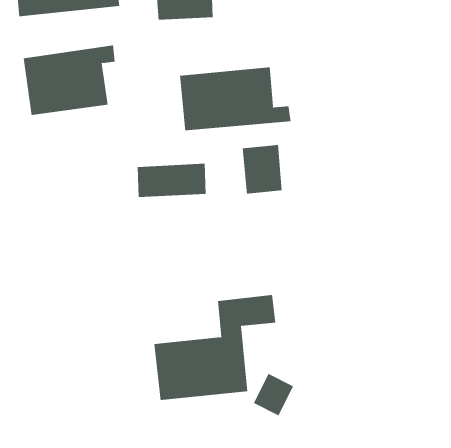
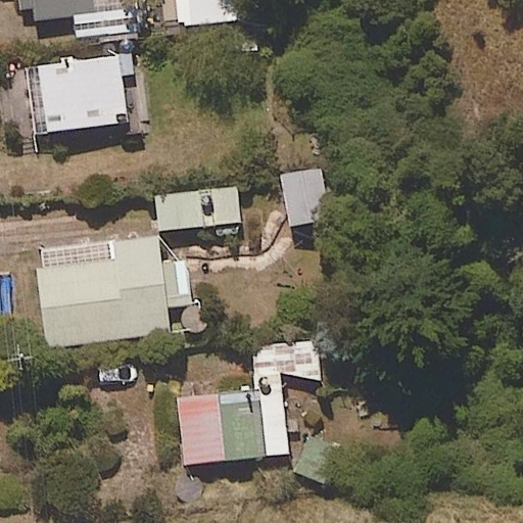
building: [180,66,291,131] -> none
building: none -> [38,239,190,345]

